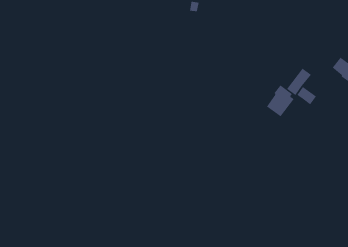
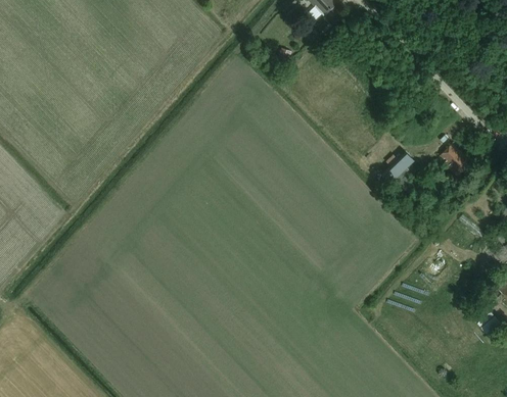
building: [266,85,295,117] -> none

